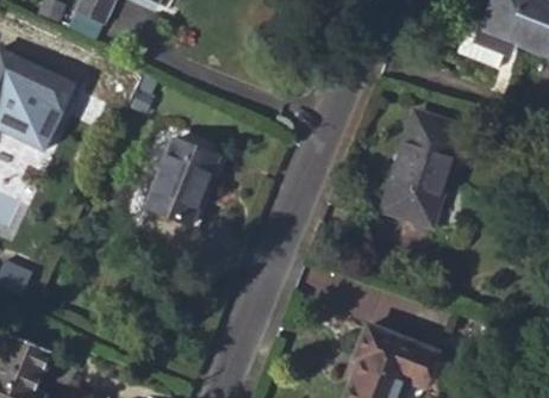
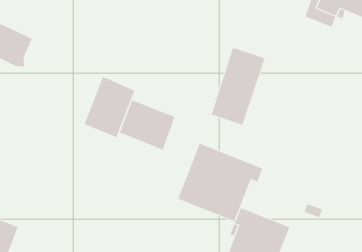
building: [383,113,461,224] -> [211,47,265,125]
building: none -> [119,99,175,150]
building: none -> [178,143,263,222]

